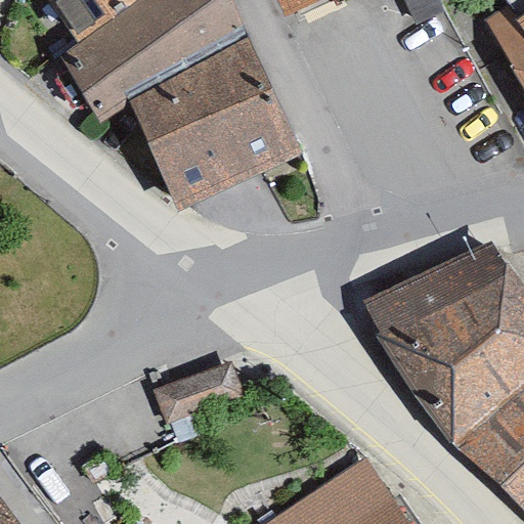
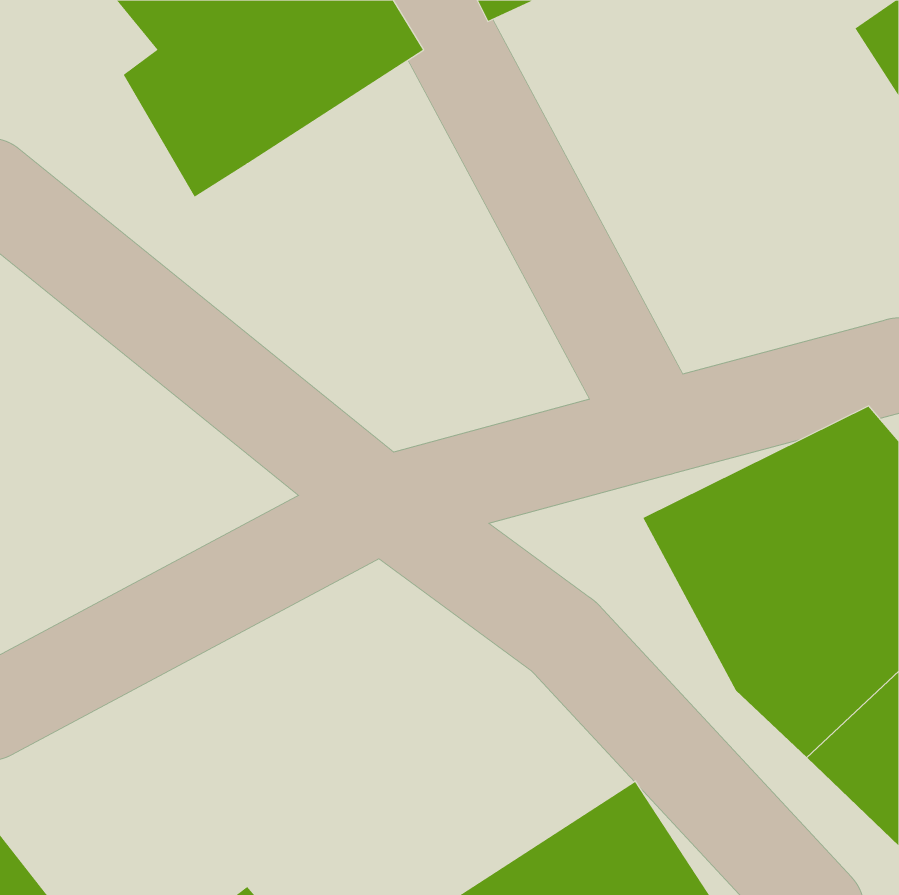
building: [142,37,300,204] -> none

